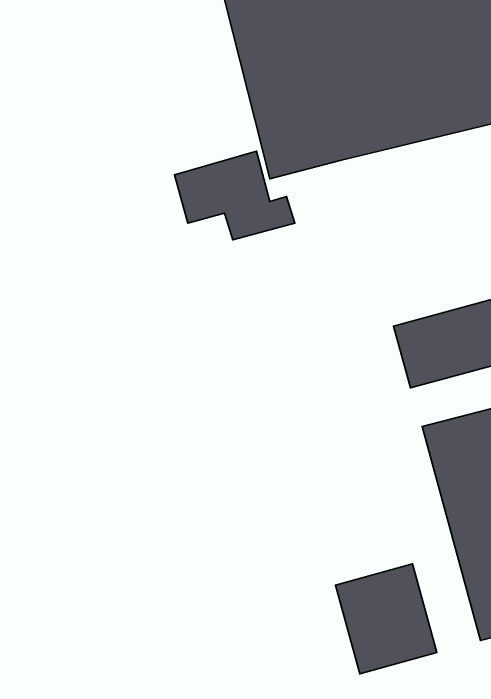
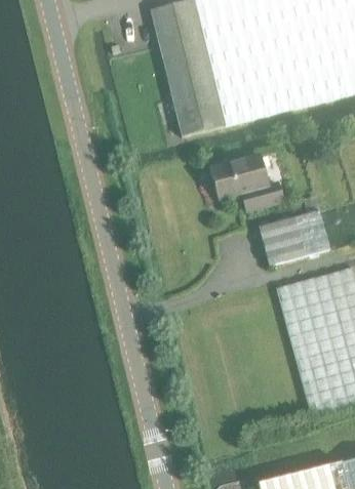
building: [174,151,295,240] -> [211,156,285,210]
building: [336,564,437,674] -> none

